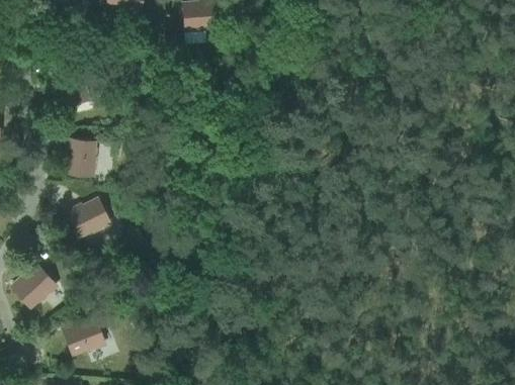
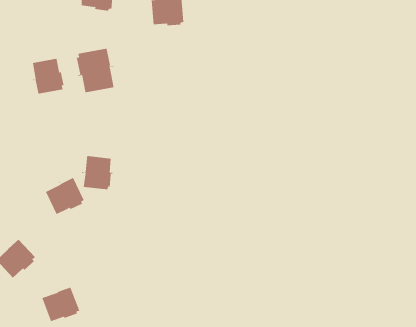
building: none -> [76,48,114,93]
building: [63,137,98,175] -> [81,156,113,190]

